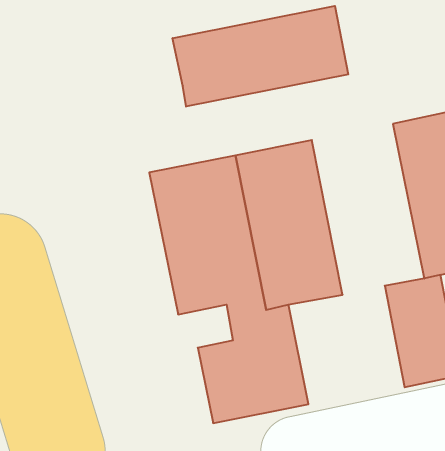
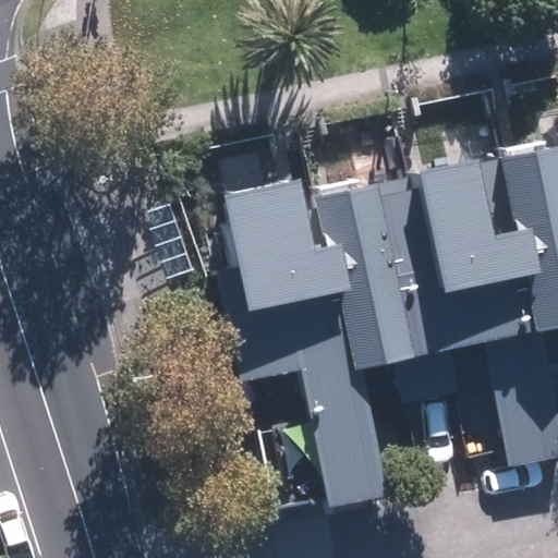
building: [173,6,348,107] -> none
building: none -> [396,150,532,357]

